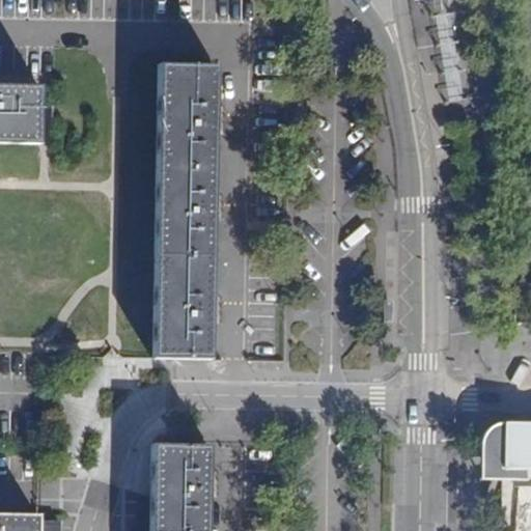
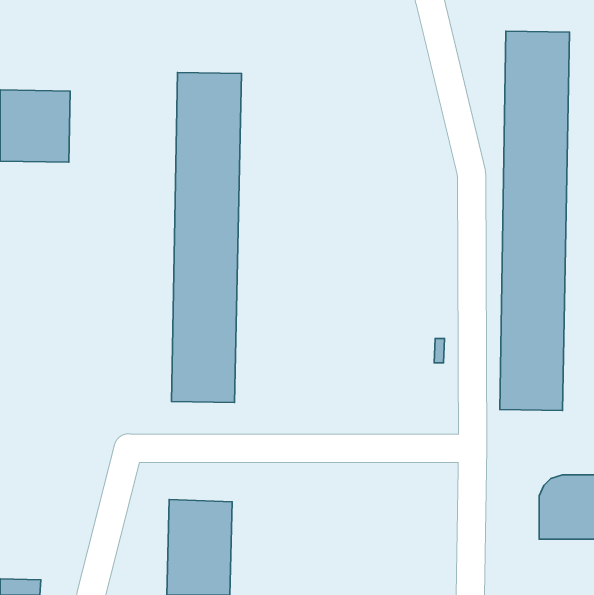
building: none -> [500,31,570,411]

